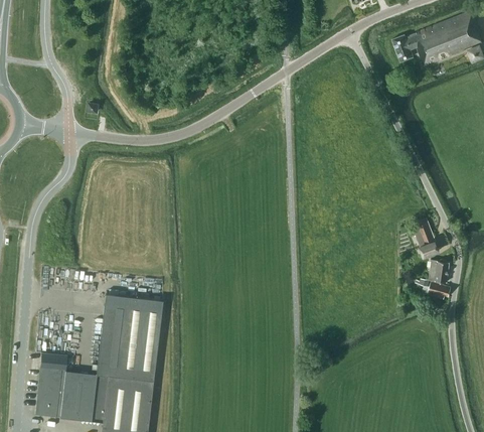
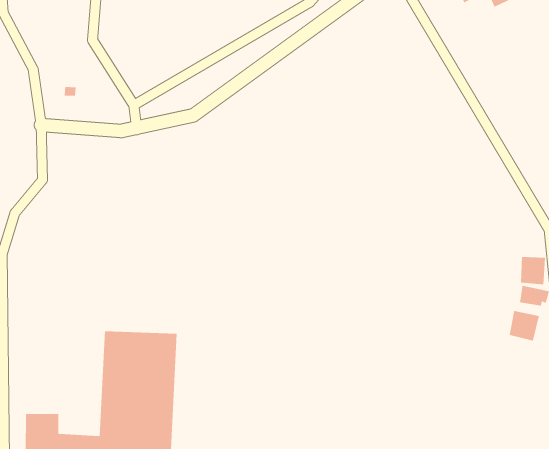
building: [415,218,440,256] -> none
building: none -> [509,310,539,342]

